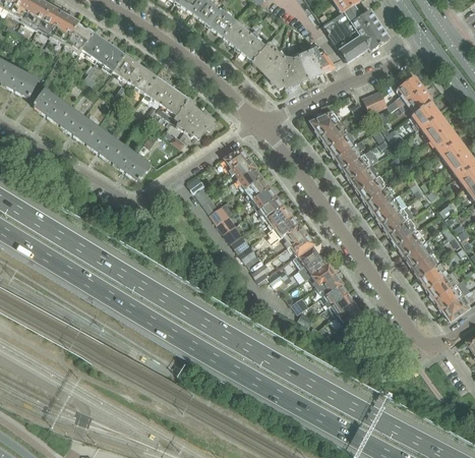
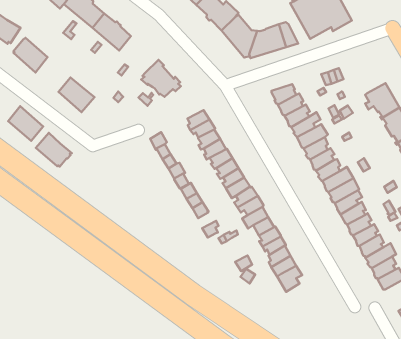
building: [388,73,432,113] -> none
building: [144,76,187,114] -> none
building: [58,107,96,142] -> [8,106,43,141]
building: [111,145,150,179] -> [36,133,72,167]

